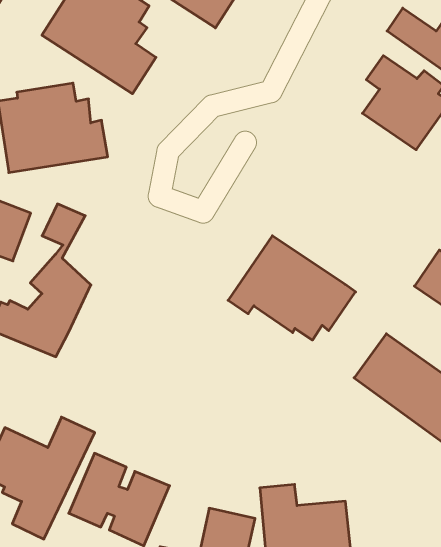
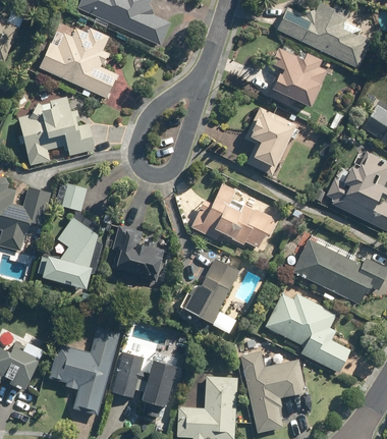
building: none -> [244,110,293,176]
building: none -> [110,224,166,283]
building: none -> [181,257,240,335]
building: none -> [264,291,351,374]

